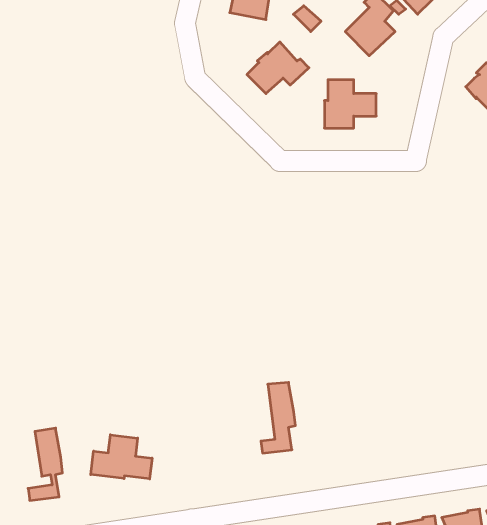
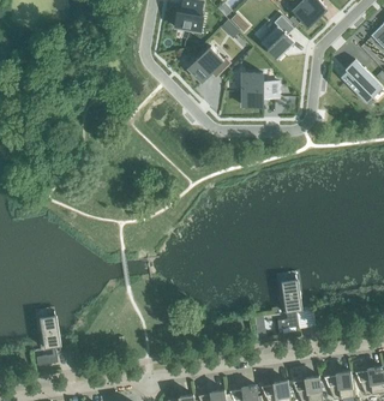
building: [261,382,295,453] -> [277,280,301,329]
building: [91,435,152,479] -> none

